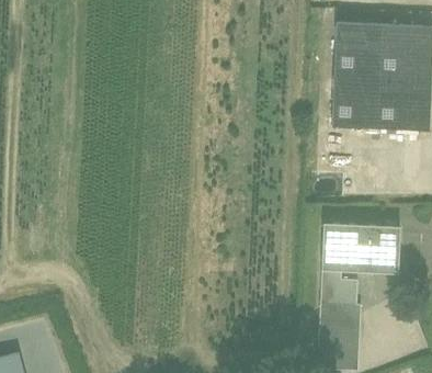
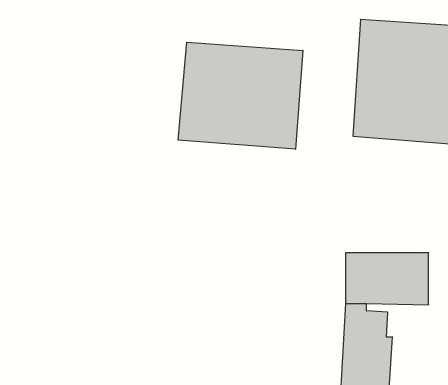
building: none -> [178,42,303,149]

